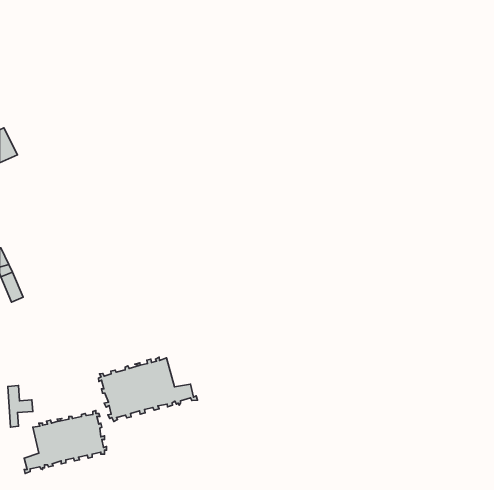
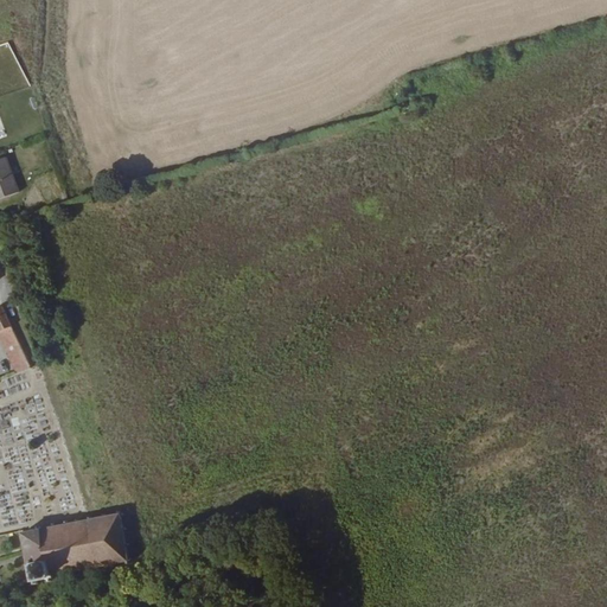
building: [98,357,197,421] -> none
building: none -> [19,526,47,568]

